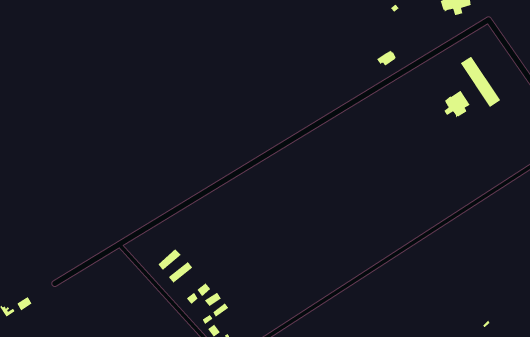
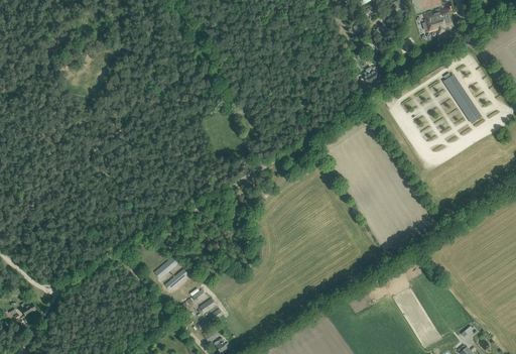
building: [443,90,471,118] -> none

